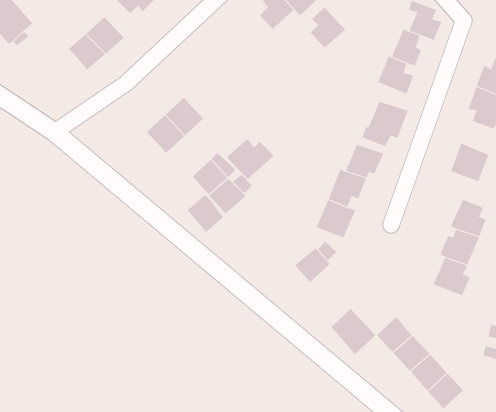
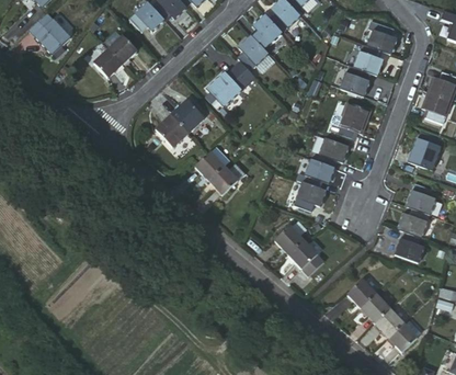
building: [310,7,346,48] -> [237,33,266,67]
building: [226,138,274,180] -> [210,69,250,103]
building: [187,194,224,233] -> none
building: [330,308,376,355] -> [290,236,328,274]

